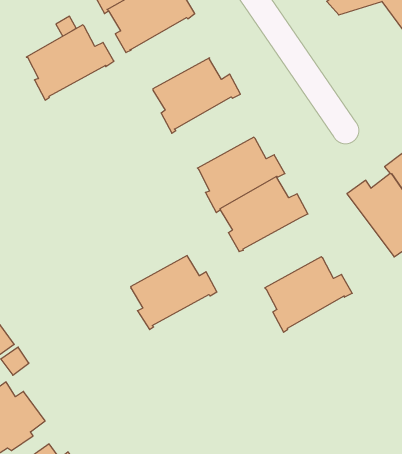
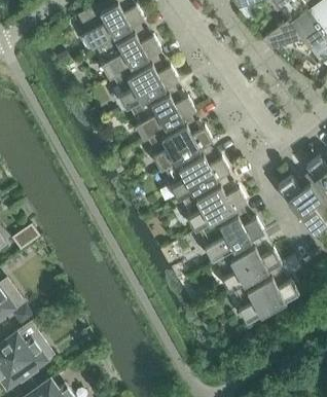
building: [26,25,114,100] -> [111,52,178,110]
building: none -> [145,113,212,171]
building: [131,256,217,330] -> [197,206,263,262]
building: none -> [231,265,298,323]

